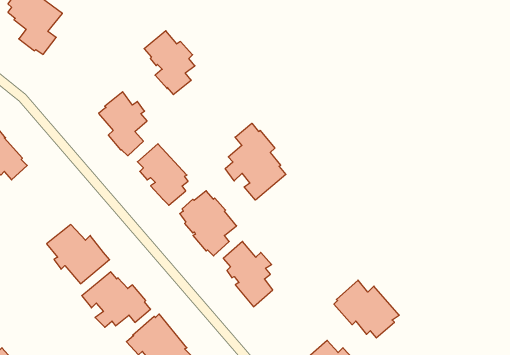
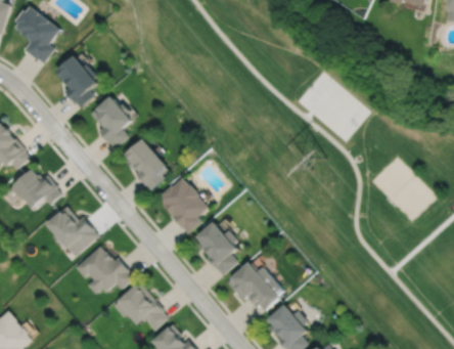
building: [144,31,195,95] -> [54,52,97,106]
building: [225,123,286,200] -> none
building: none -> [13,167,61,207]
building: [334,280,399,338] -> [227,261,282,310]

